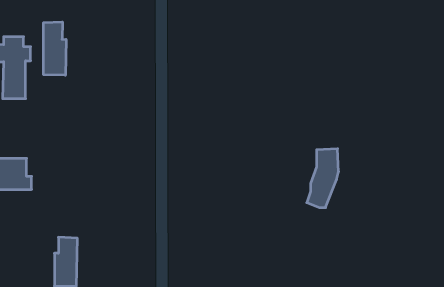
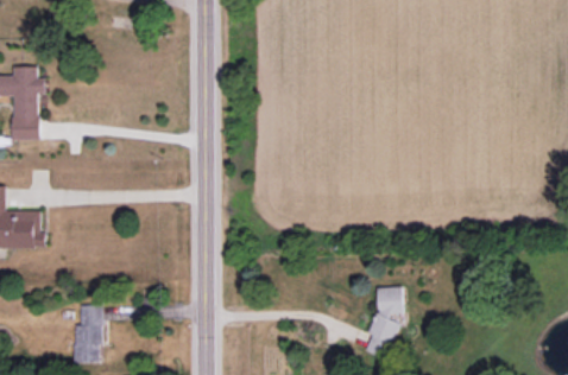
building: [44,22,66,75] -> none
building: [307,149,339,208] -> [365,287,403,357]

